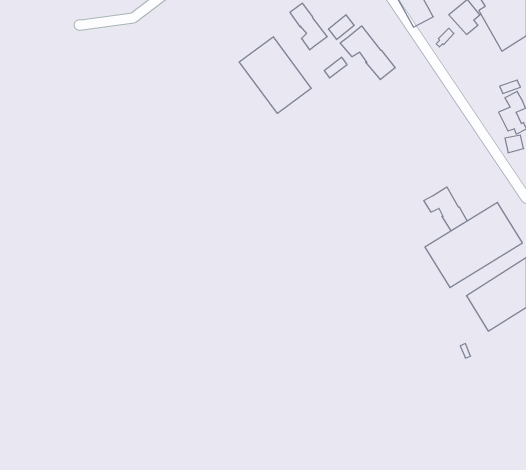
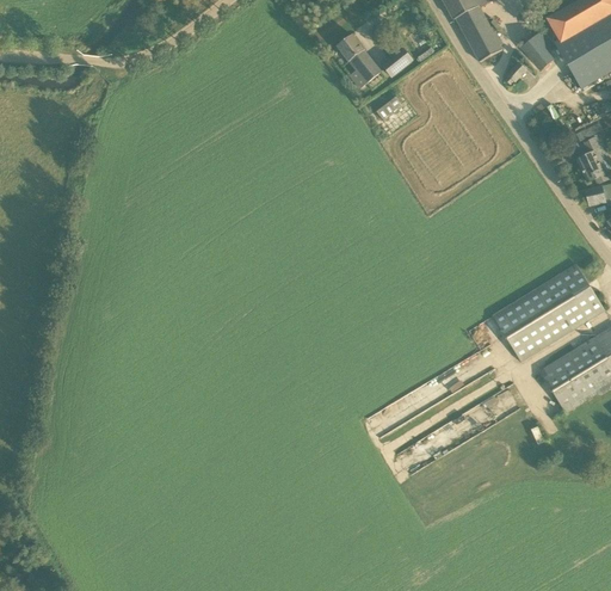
building: [340,26,395,80] -> none
building: [239,37,311,113] -> none
building: [424,187,467,231] -> none

